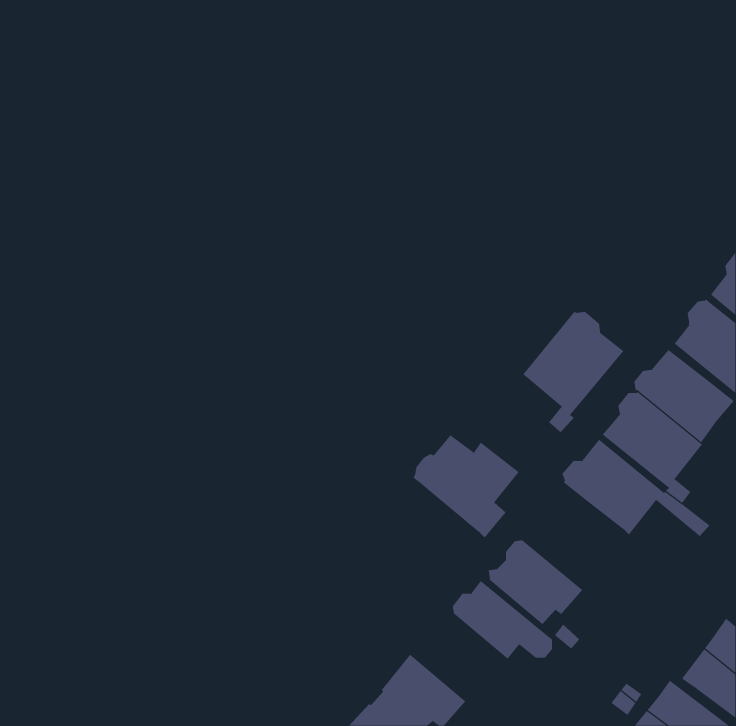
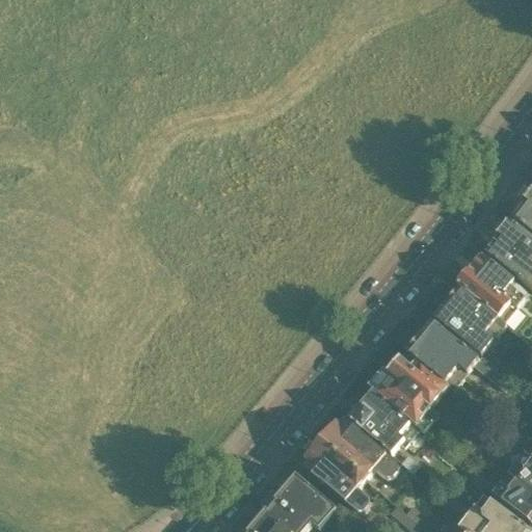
building: [523,311,624,433] -> none
building: [413,435,520,539] -> [372,354,449,429]
building: none -> [307,442,370,508]

